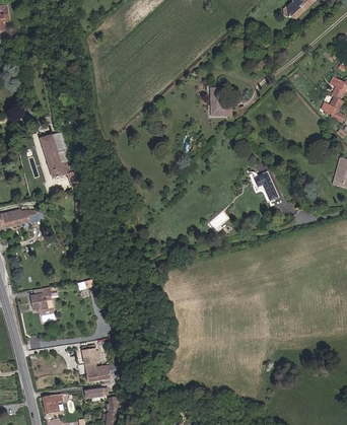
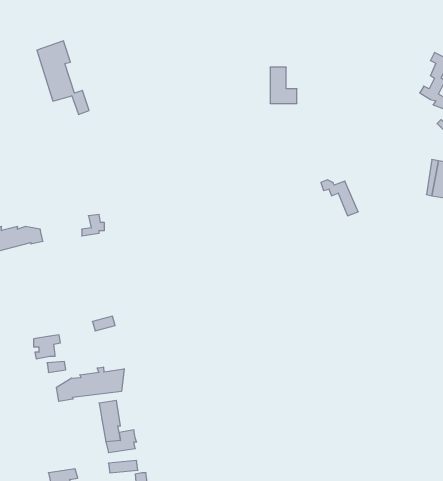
building: [39,134,78,190] -> [37,41,89,114]
building: none -> [57,367,124,401]

